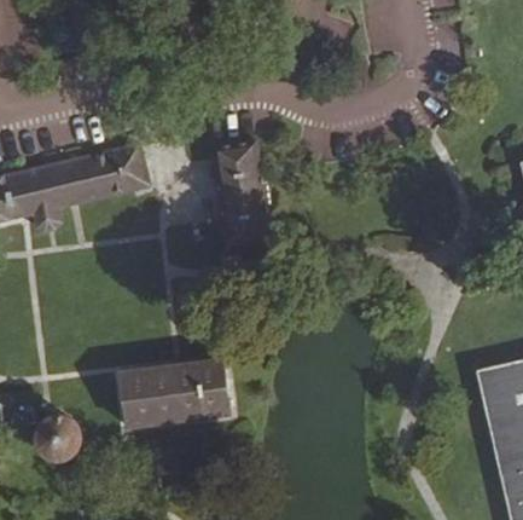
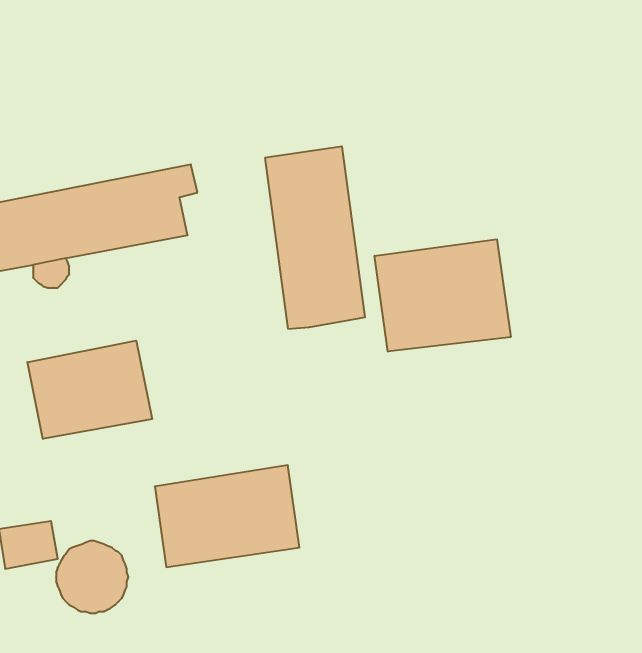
building: none -> [375,239,511,352]
building: none -> [27,341,152,439]

